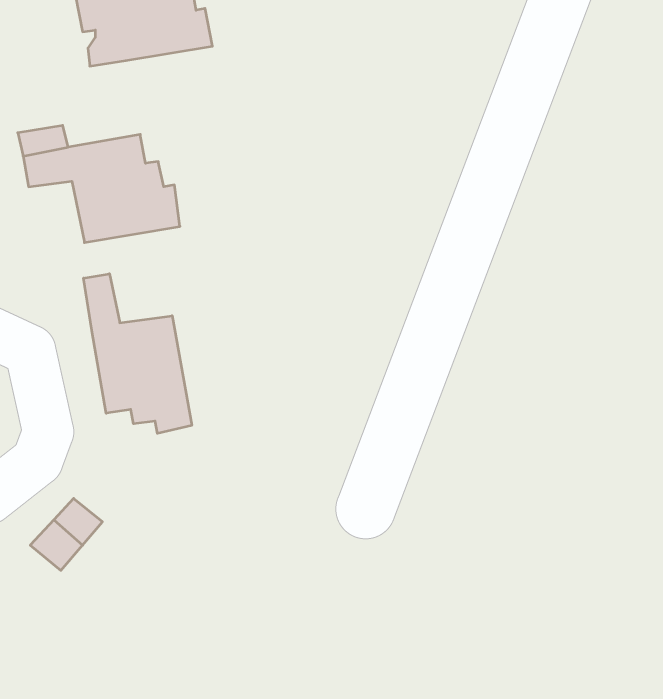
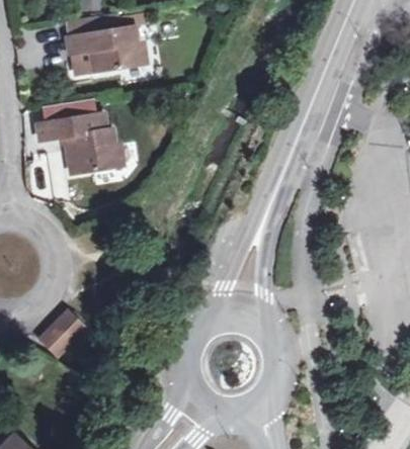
building: [84,274,192,433] -> none

